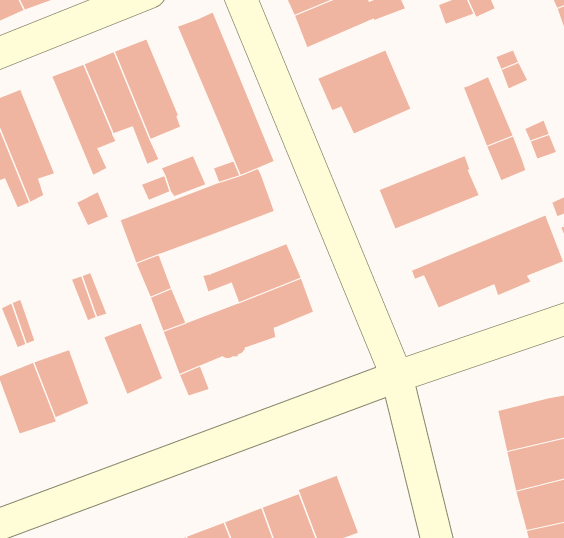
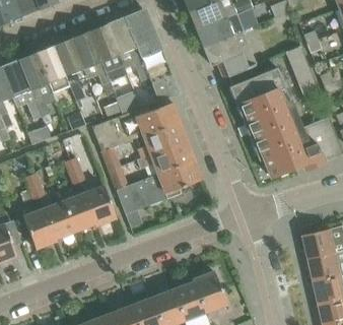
building: none -> [197,13,242,47]
building: none -> [107,17,149,80]
building: none -> [36,46,76,102]
building: none -> [228,67,286,110]
building: none -> [247,113,332,155]
building: none -> [139,122,186,157]
building: none -> [63,193,95,231]

